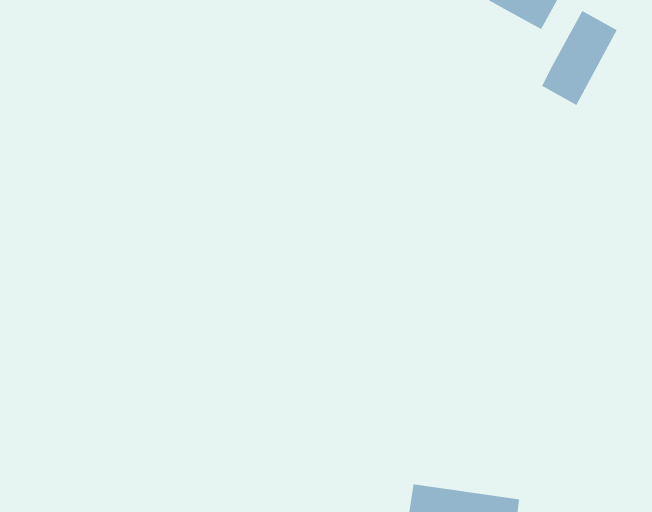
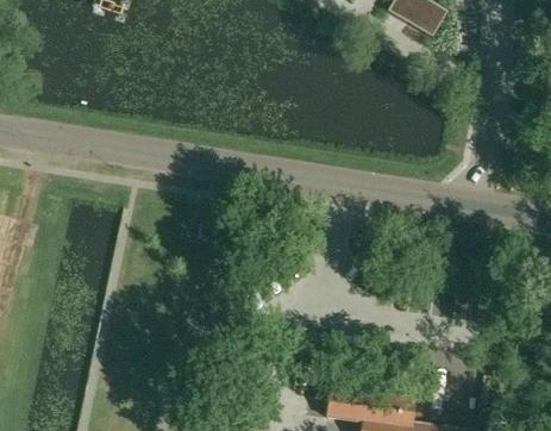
building: [542,10,617,106] -> none

